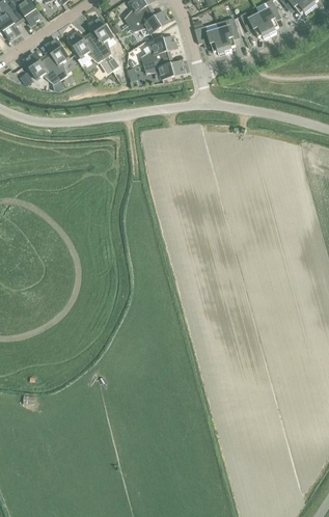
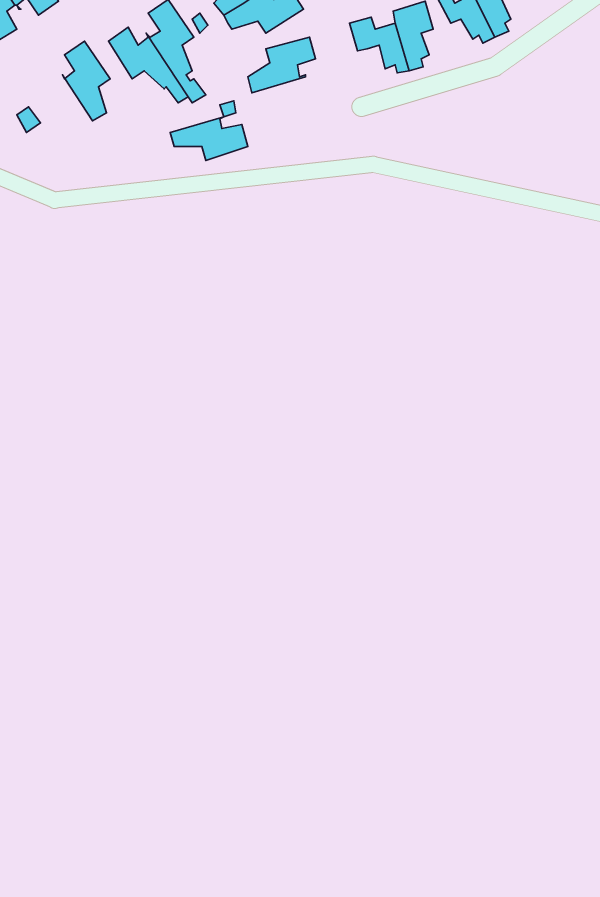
building: [23,52,59,84] -> none
building: [142,56,183,79] -> [170,117,248,160]

